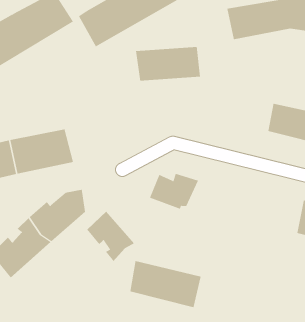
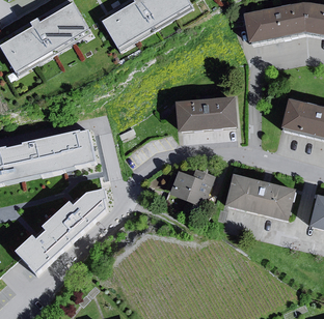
building: [135,47,201,81] -> [177,103,240,136]
building: [87,211,135,262] -> none
building: [130,260,202,308] -> [228,178,298,224]

